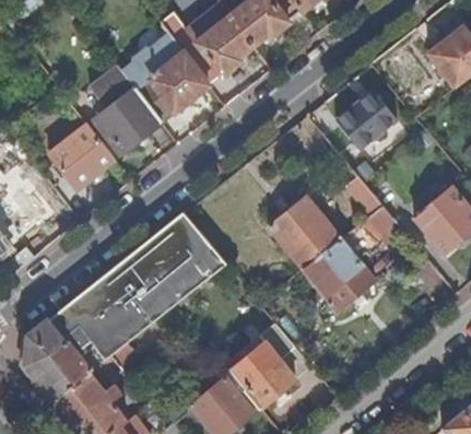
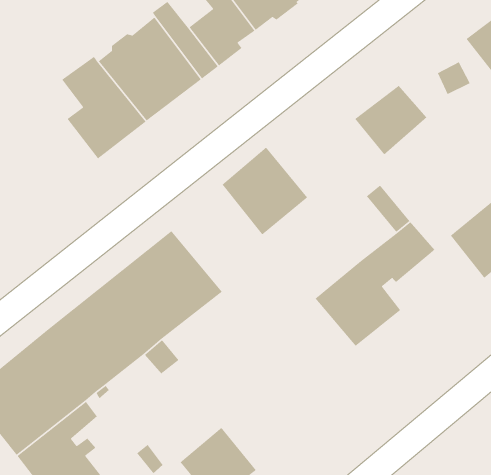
building: [49,126,113,189] -> none
building: [268,195,340,269] -> [221,146,308,236]
building: [231,324,309,408] -> none

